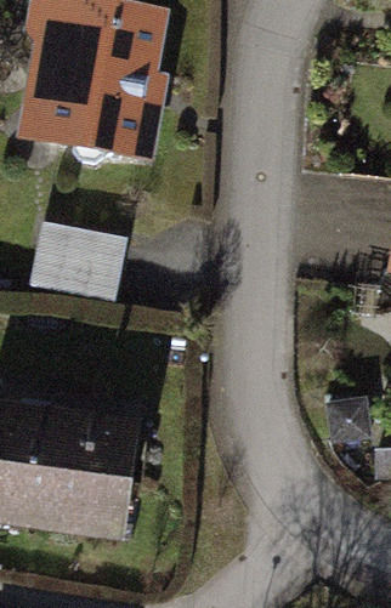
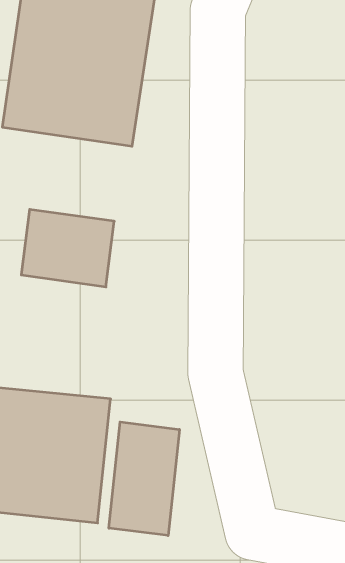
building: none -> [109,422,179,536]

